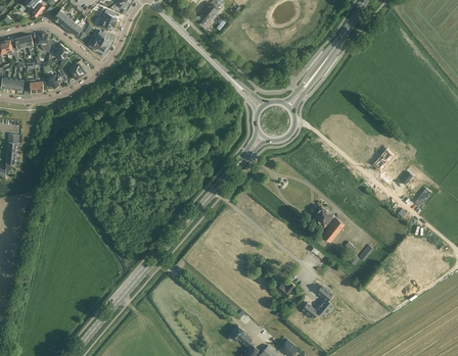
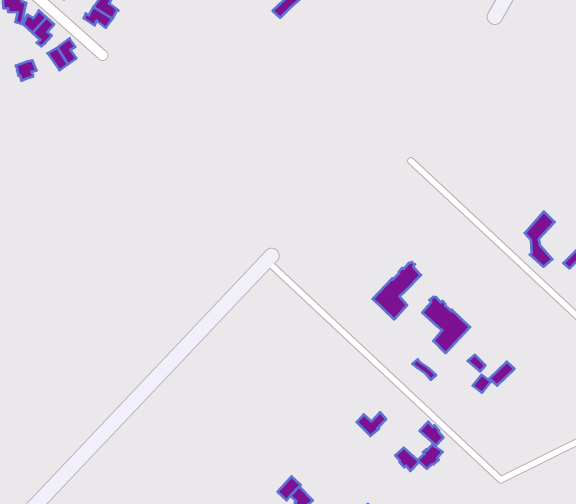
building: none -> [373,262,421,319]

